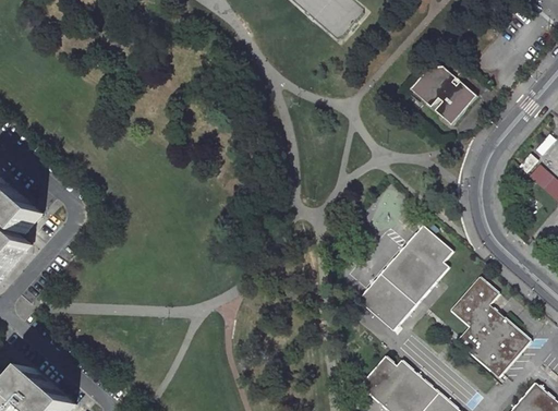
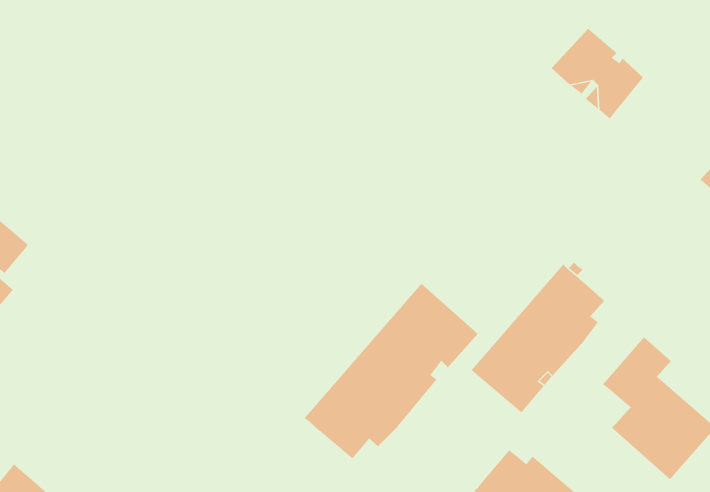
building: none -> [304,283,478,460]

